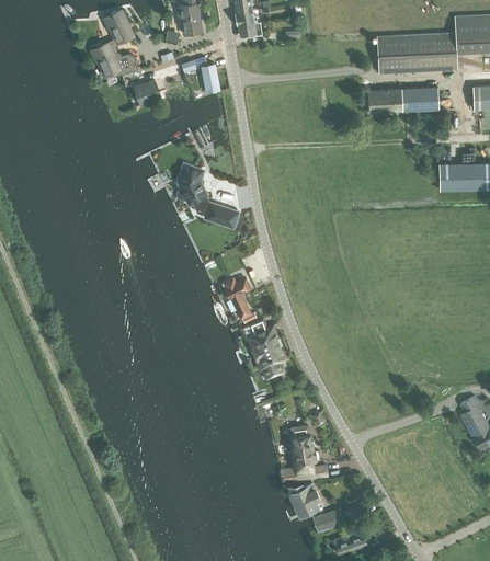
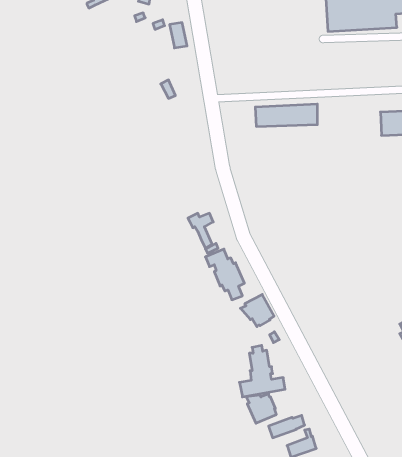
building: [91,43,137,77] -> none
building: [134,80,161,105] -> none
building: [367,87,437,112] -> [255,104,317,126]
building: [178,163,239,228] -> none
building: none -> [240,294,274,327]

